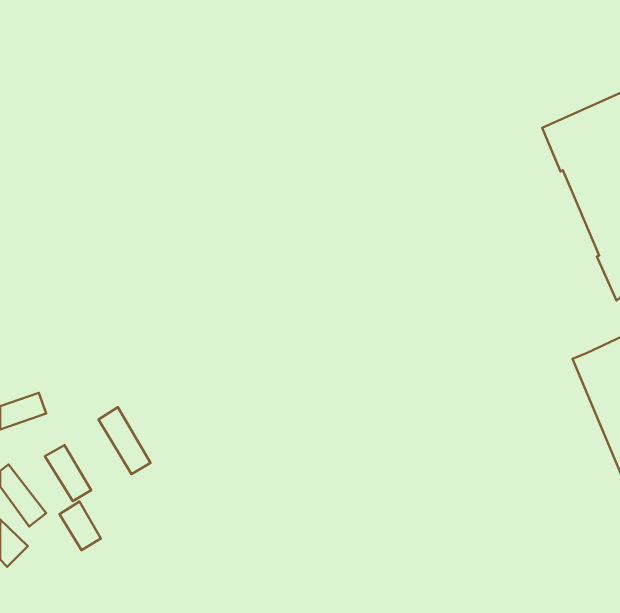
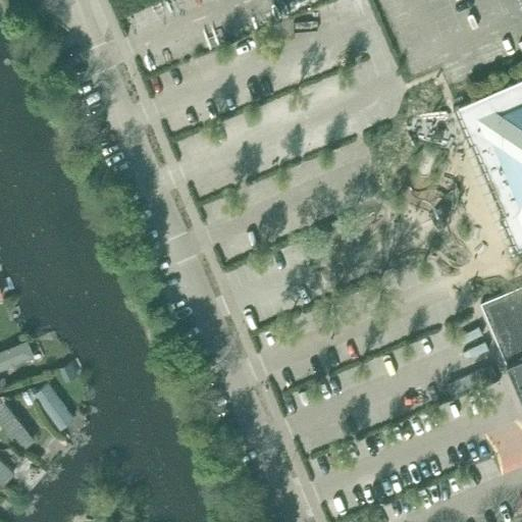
building: [98,407,150,474] -> none
building: [60,502,101,550] -> none

